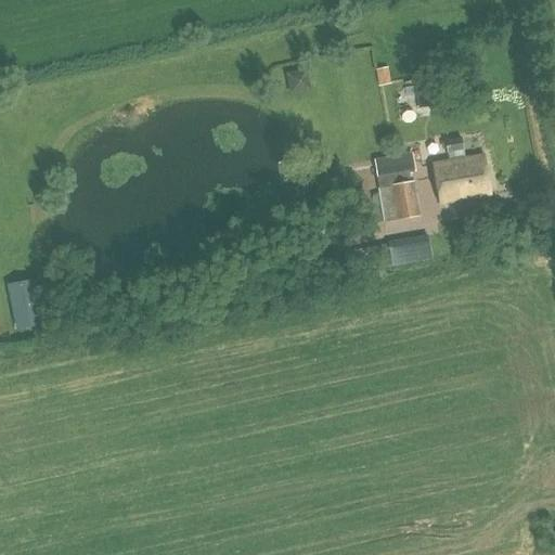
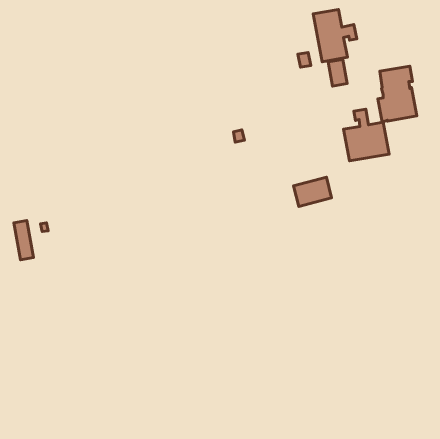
building: none -> [313,9,357,62]
building: [372,152,421,222] -> [378,66,417,122]

